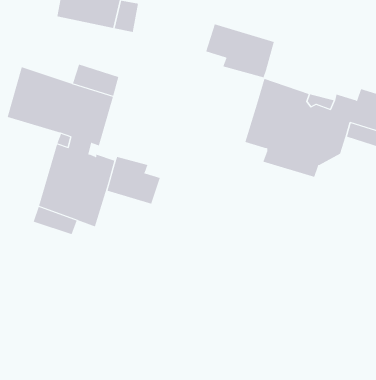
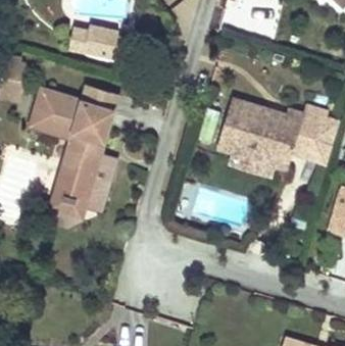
building: [205,24,274,78] -> none
building: [107,156,160,205] -> none

